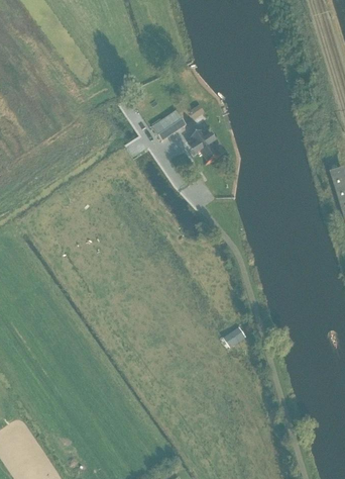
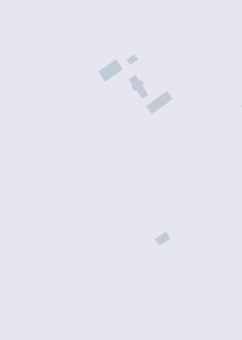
building: none -> [145,90,174,115]

